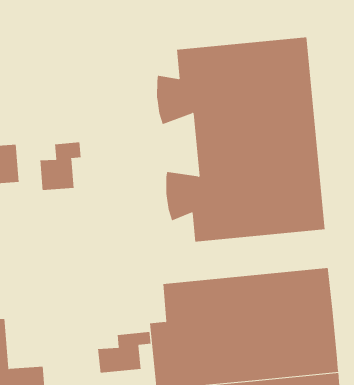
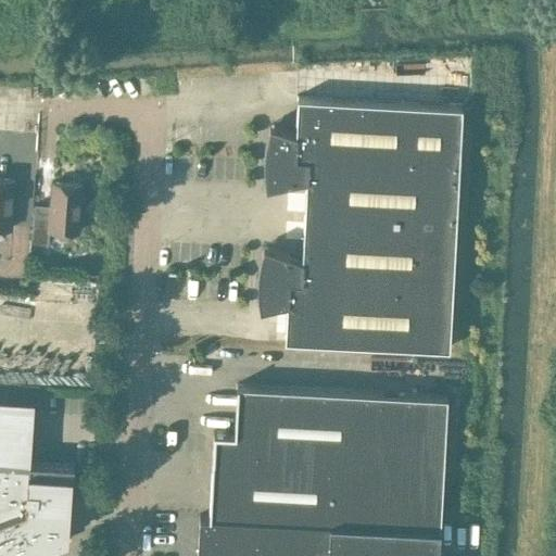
building: [40,141,81,191] -> none
building: [98,331,151,373] -> none

